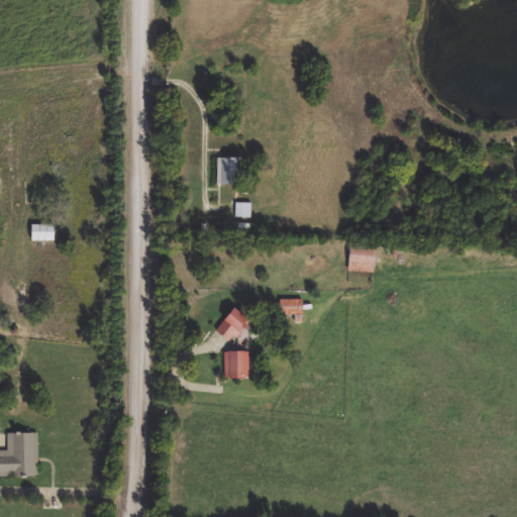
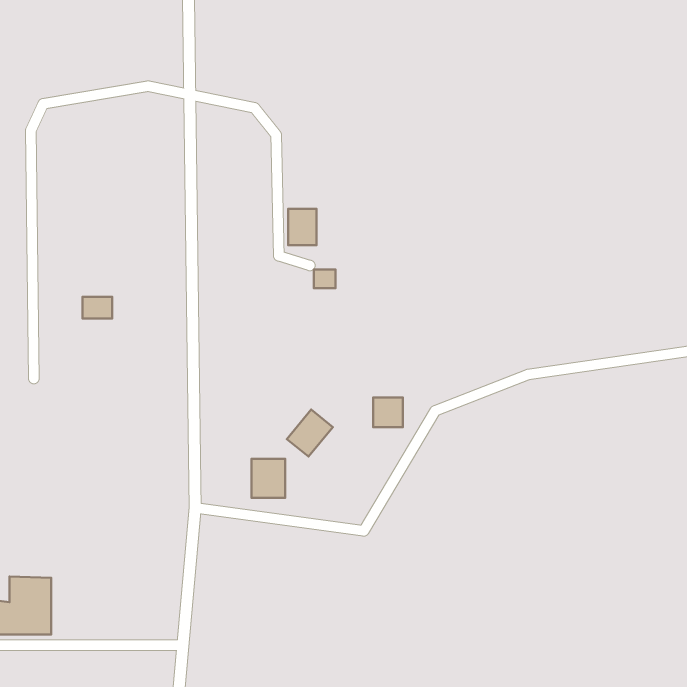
building: [31,224,54,240] -> [83,297,112,319]
building: [348,246,374,271] -> none
building: [224,350,249,380] -> [251,459,285,498]

